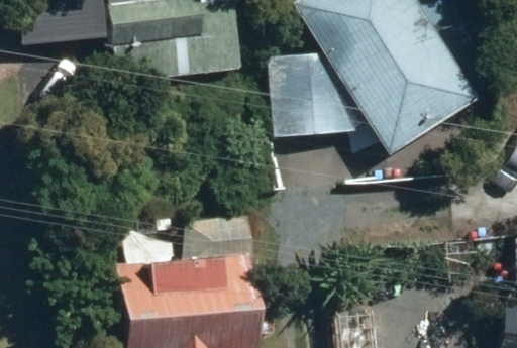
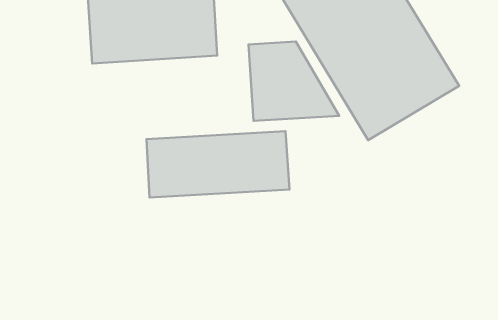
building: [114,252,257,319] -> [147,131,290,198]

